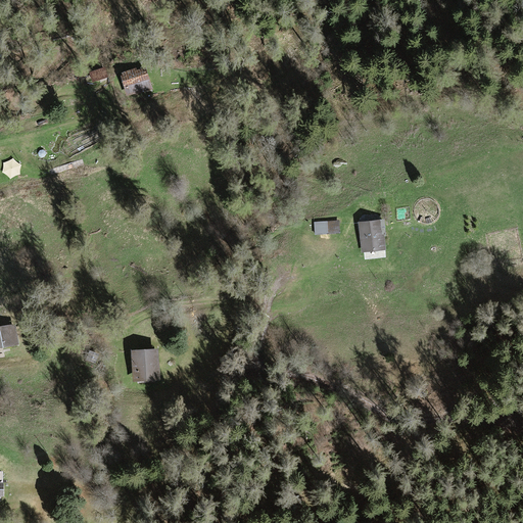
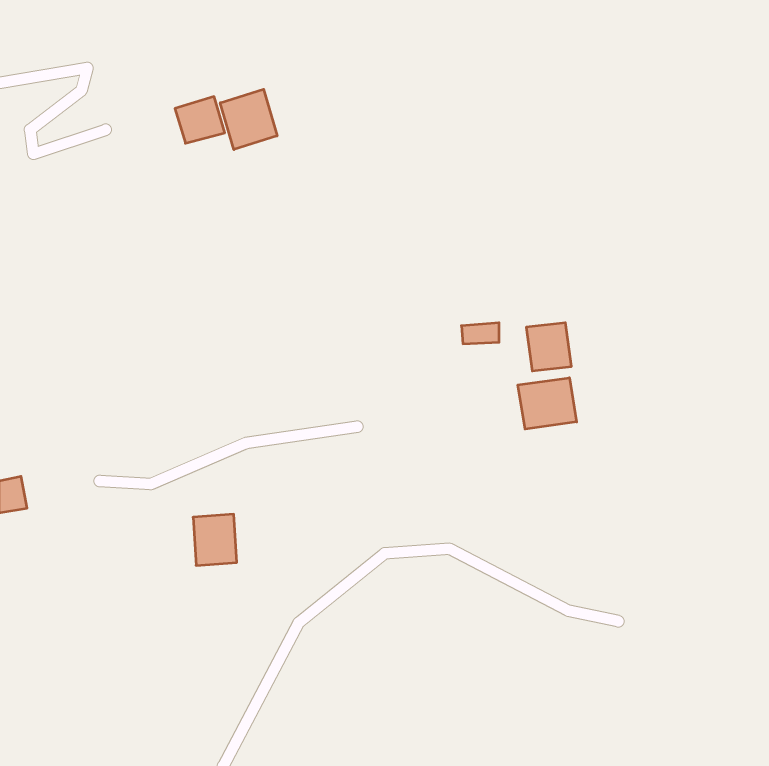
building: none -> [220,89,277,150]
building: none -> [518,378,577,429]

